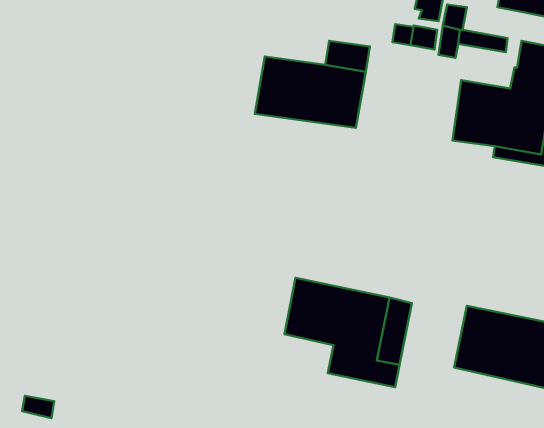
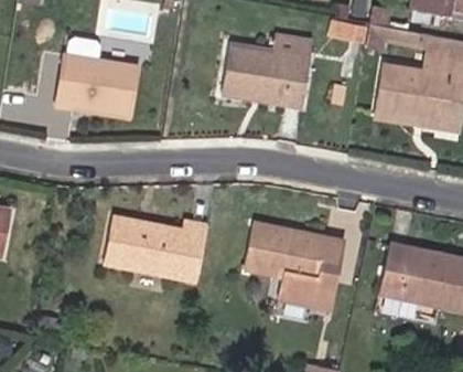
building: none -> [56,36,138,113]
building: none -> [103,216,207,283]

